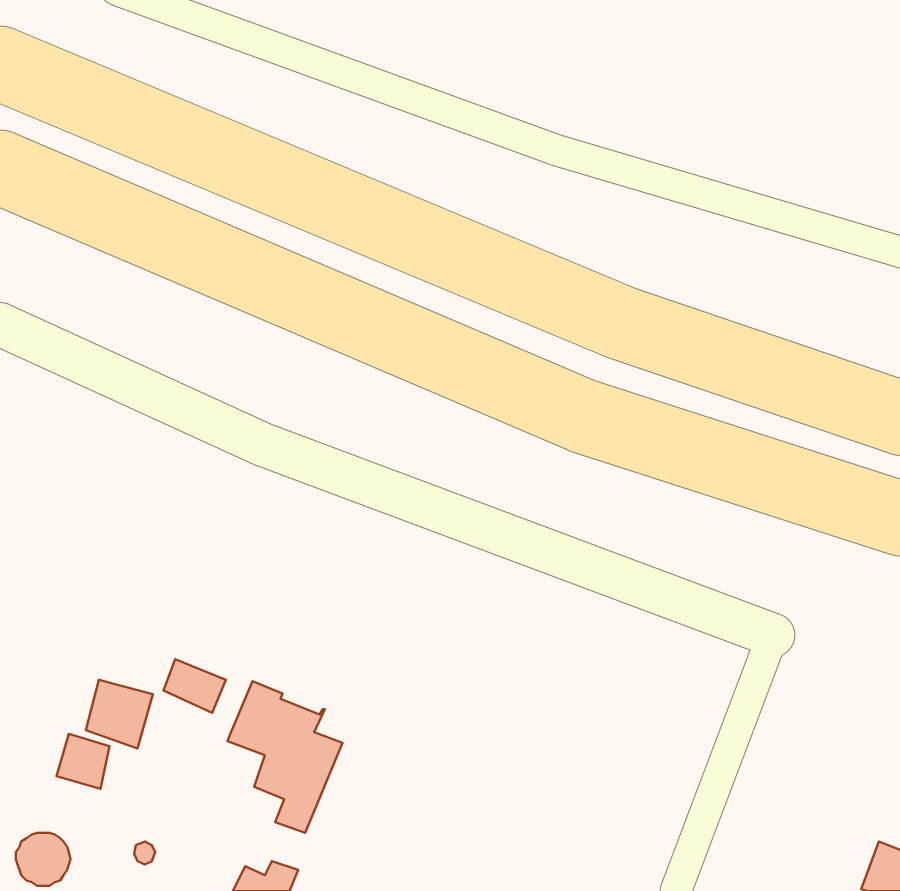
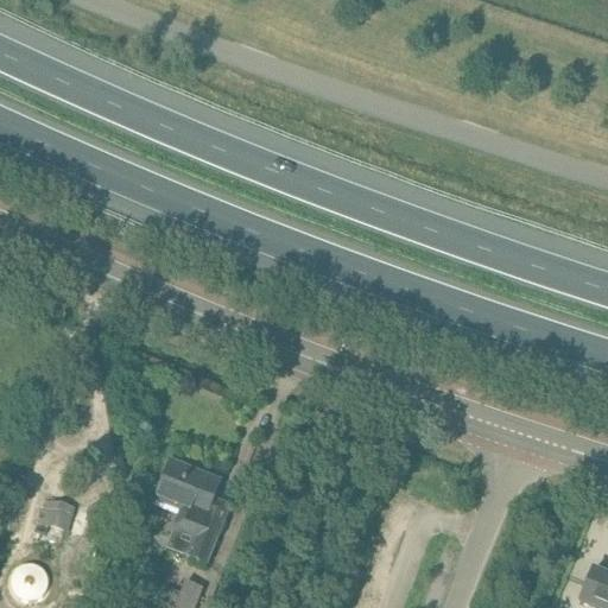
building: [164,659,226,713] -> none
building: [86,680,153,748] -> none

